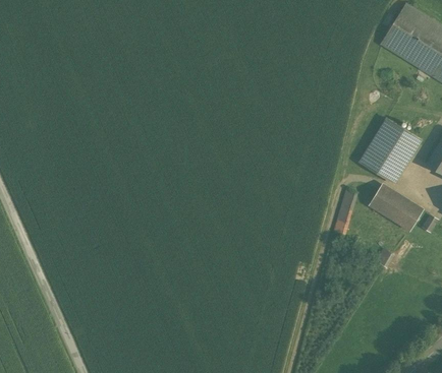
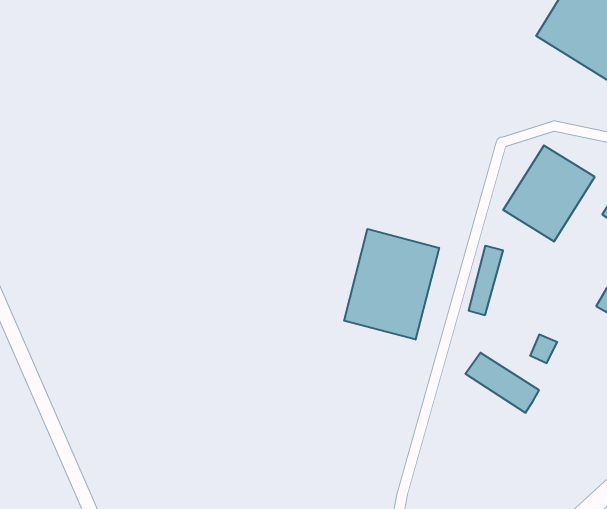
building: none -> [344,229,439,340]
building: [369,190,419,231] -> [465,353,539,413]

